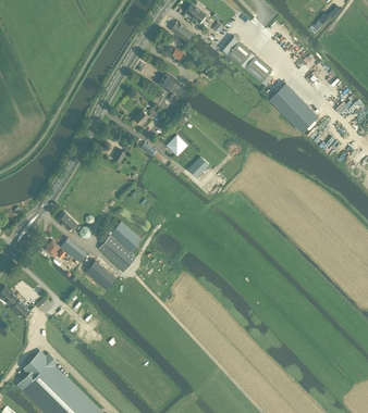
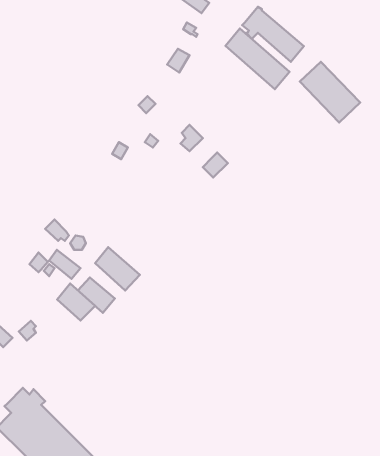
building: none -> [225,28,289,89]
building: [110,222,142,252] -> [57,284,95,320]

